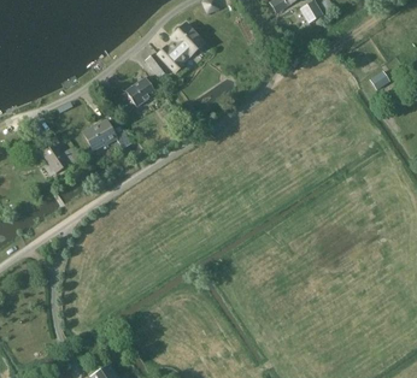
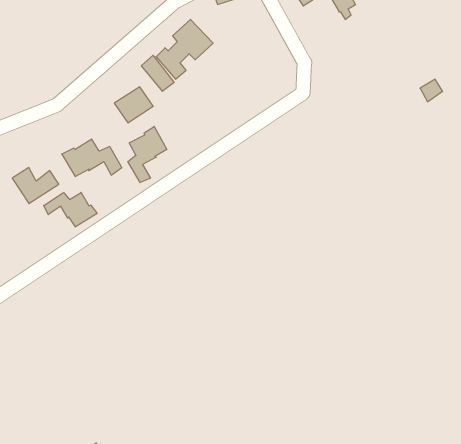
building: none -> [128,126,167,183]
building: none -> [44,192,97,227]

